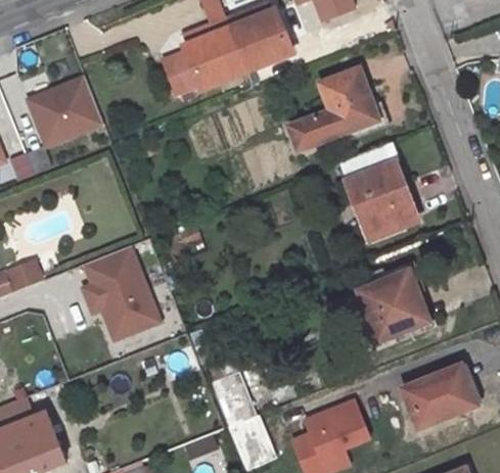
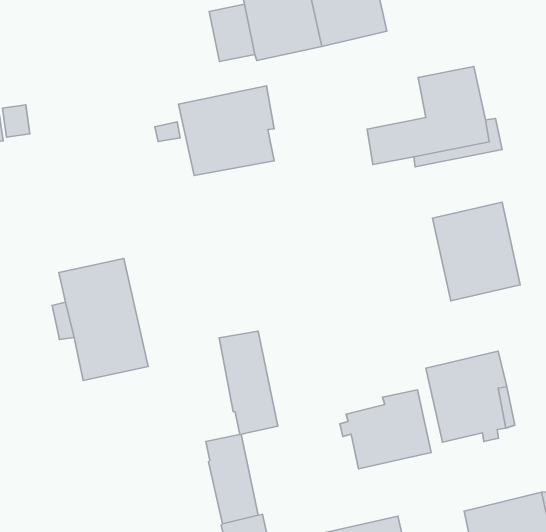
building: [29,77,103,145] -> none
building: none -> [179,86,274,175]
building: none -> [219,331,278,434]
building: none -> [340,390,431,469]

